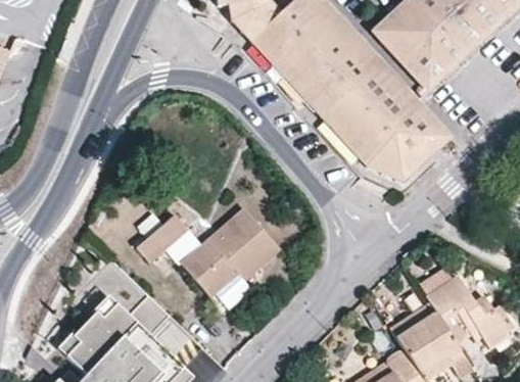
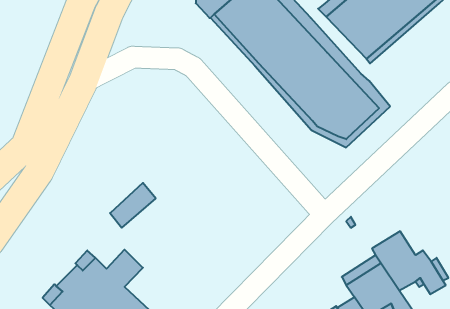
building: [180,217,277,302] -> none

